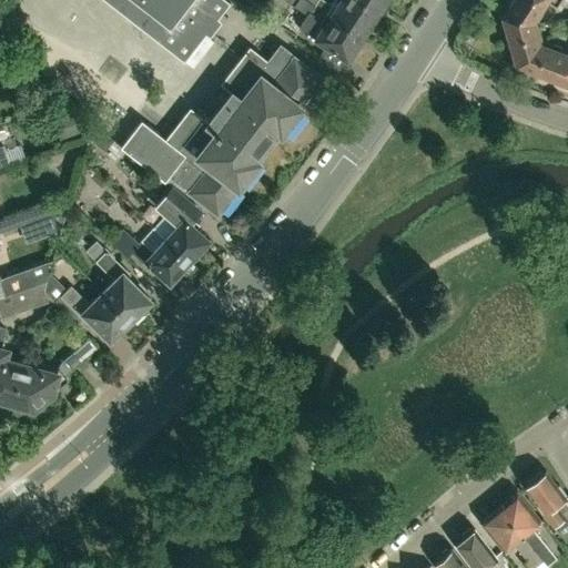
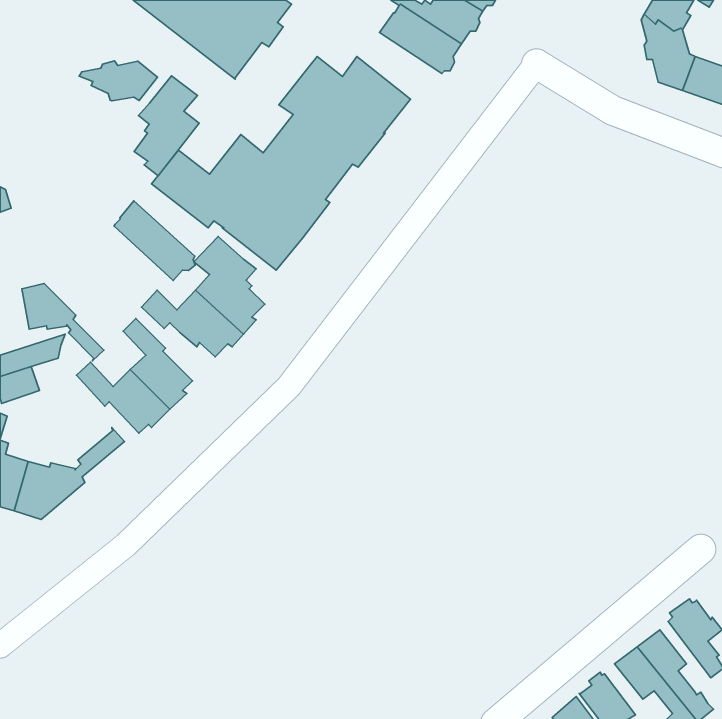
building: none -> [79,61,157,101]
building: none -> [134,76,199,176]
building: none -> [114,201,195,280]
building: none -> [22,283,104,361]

